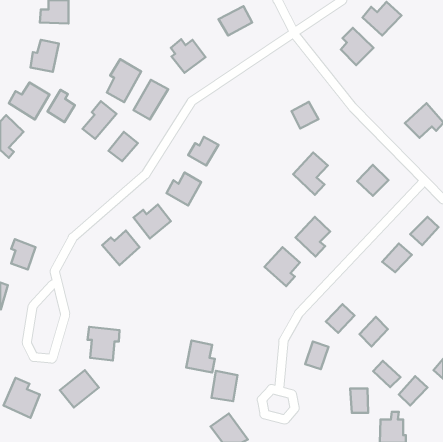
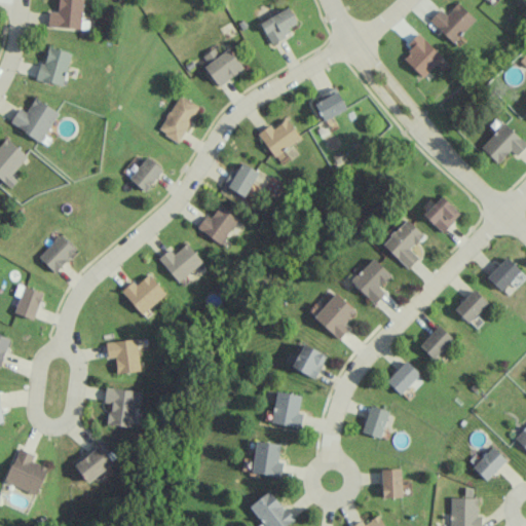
building: [107,59,141,102] -> none
building: [48,90,75,122] -> none
building: none -> [257,119,301,158]
building: [82,101,116,139] -> none
building: [292,102,318,129] -> [314,89,346,121]
building: [293,153,328,195] -> [382,220,423,270]
building: none -> [38,235,76,274]
building: none -> [105,339,141,375]
building: none -> [293,345,326,378]
building: [359,317,388,346] -> [419,326,453,361]
building: [186,341,215,373] -> [270,391,304,429]
building: [373,361,401,387] -> none
building: [350,388,368,413] -> [380,469,402,498]

